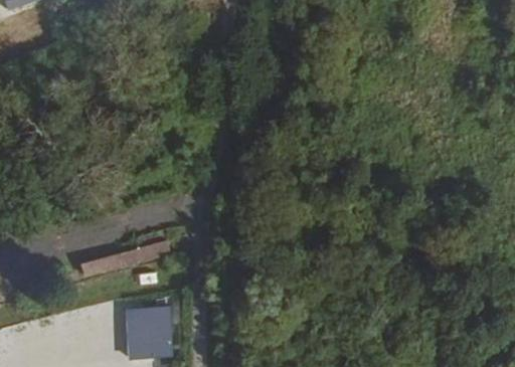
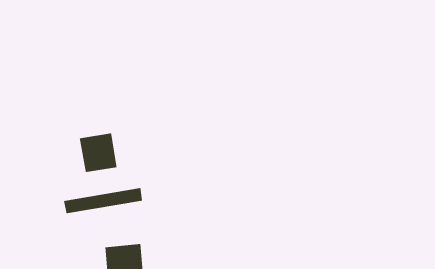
building: none -> [79,133,117,173]

